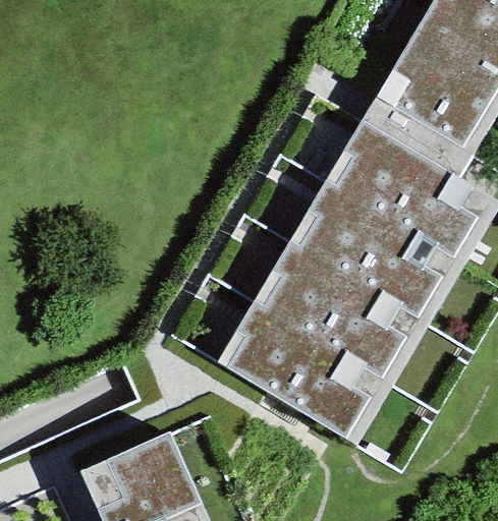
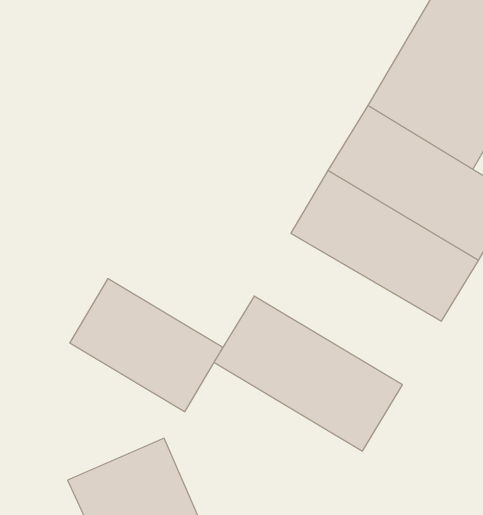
building: [255,240,431,383] -> none
building: none -> [70,279,223,412]

